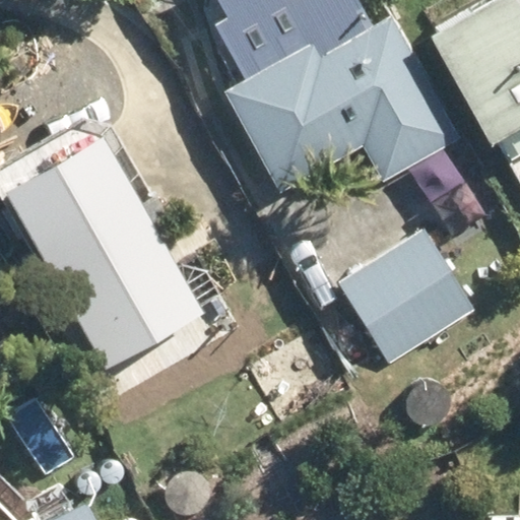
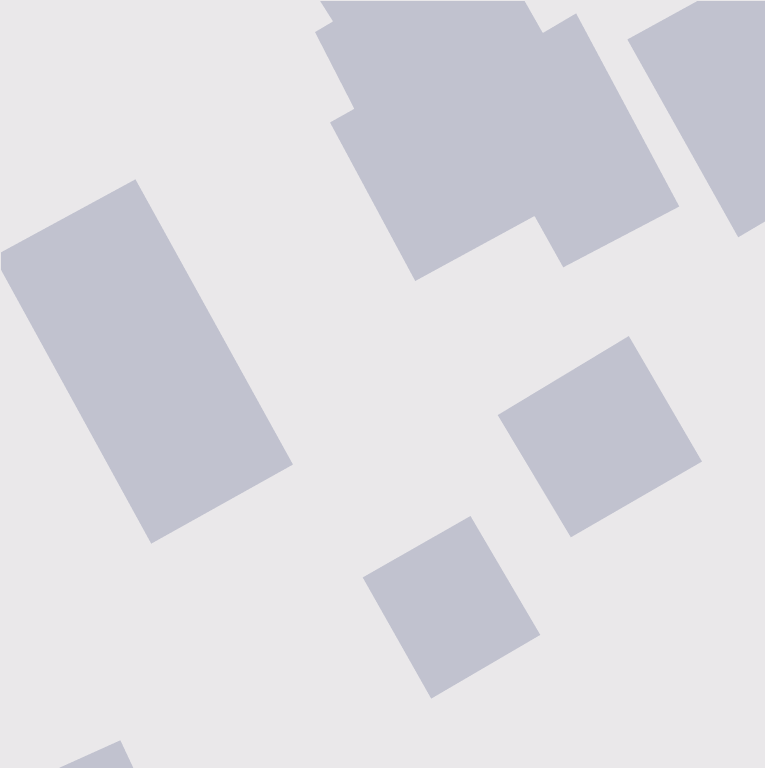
building: none -> [361,515,541,700]

